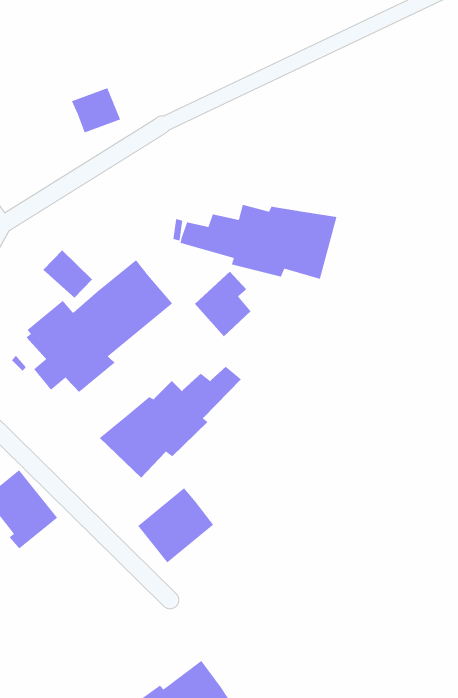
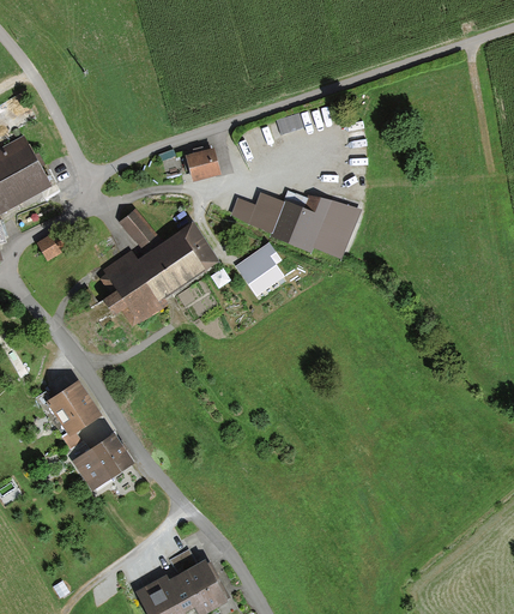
building: [71,87,121,133] -> [182,146,220,181]
building: [99,366,242,478] -> none
building: [137,487,214,564] -> [72,433,134,493]

